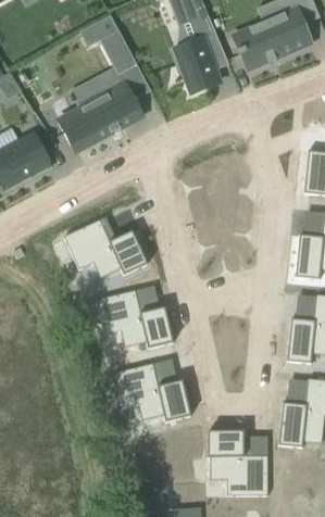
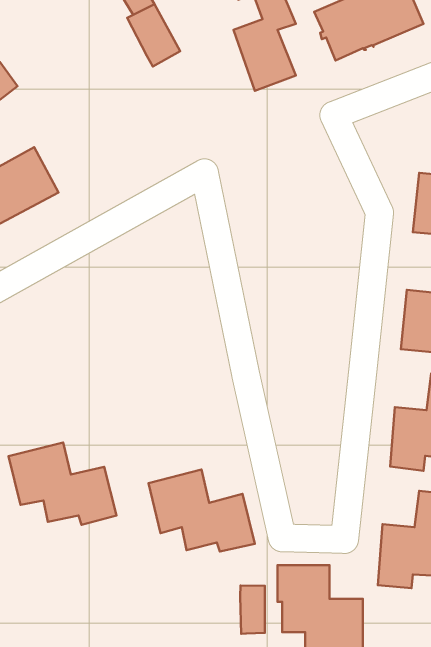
building: [59,79,140,151] -> none
building: [63,219,147,278] -> none
building: [96,290,173,349] -> [8,443,116,525]
building: none -> [240,586,265,634]

